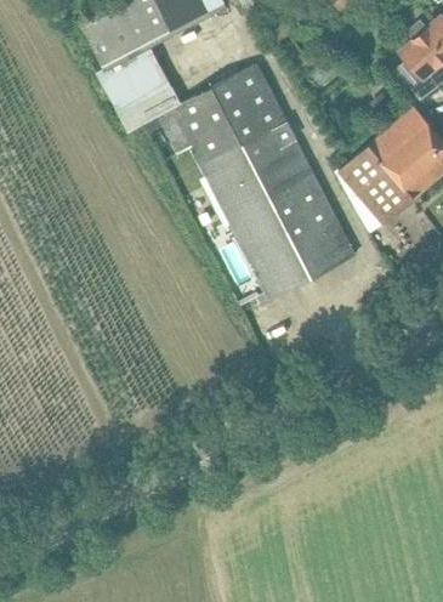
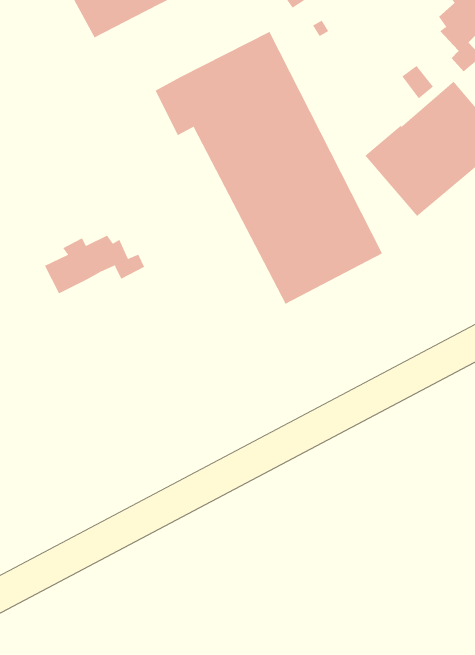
building: [97,46,180,130] -> none
building: none -> [44,235,145,294]

